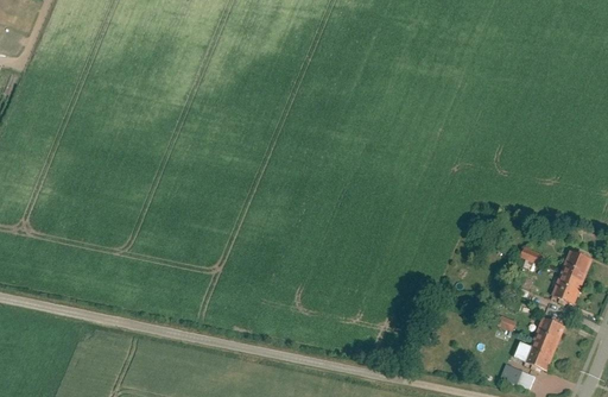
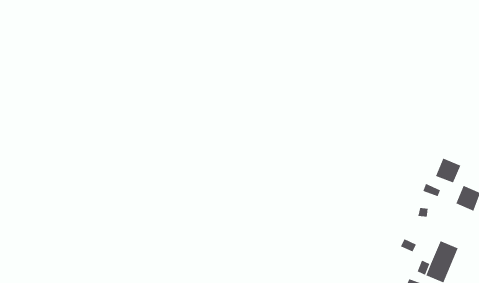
building: [551,272,583,303] -> [435,158,461,183]

